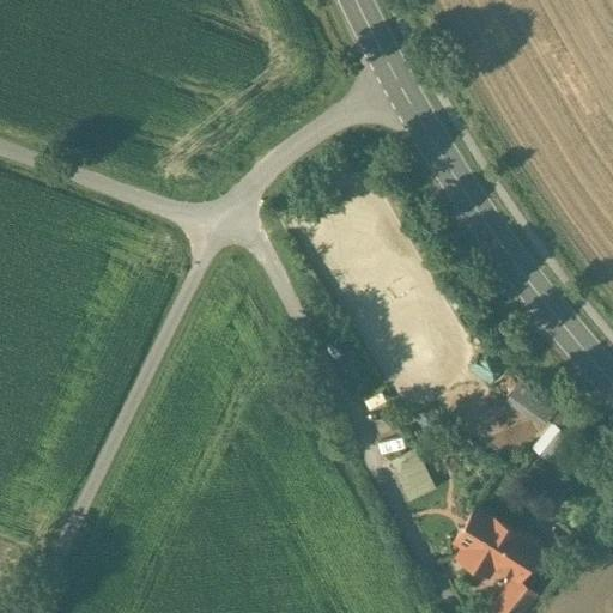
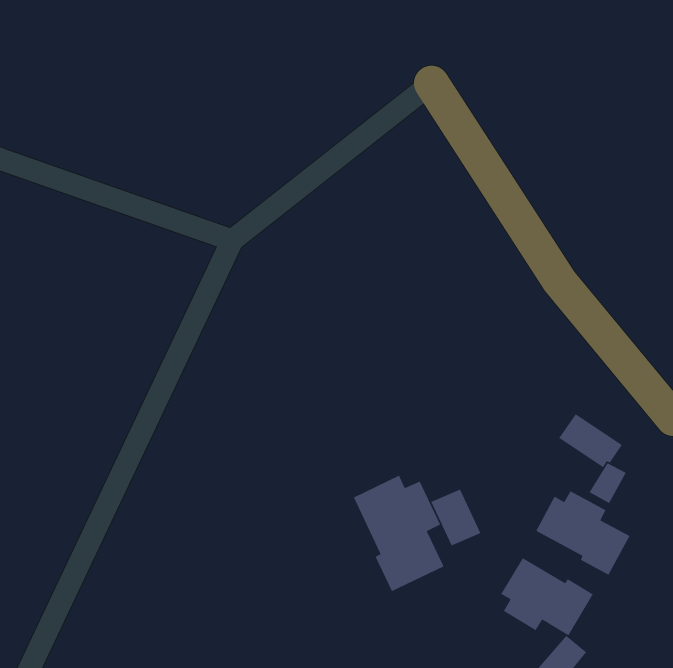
building: none -> [353,475,445,592]
building: none -> [535,490,630,576]

